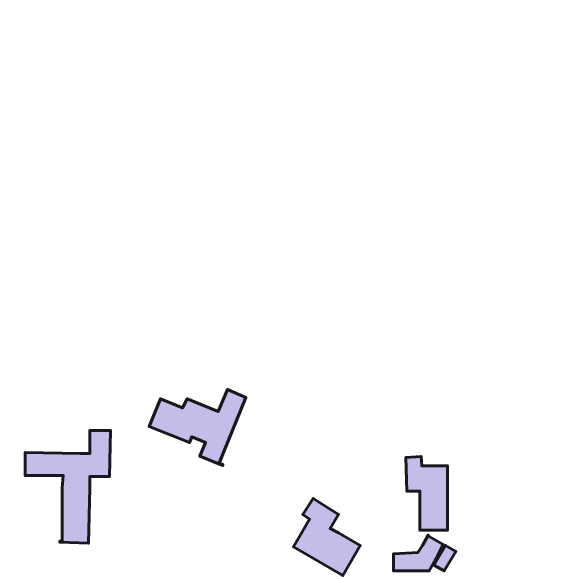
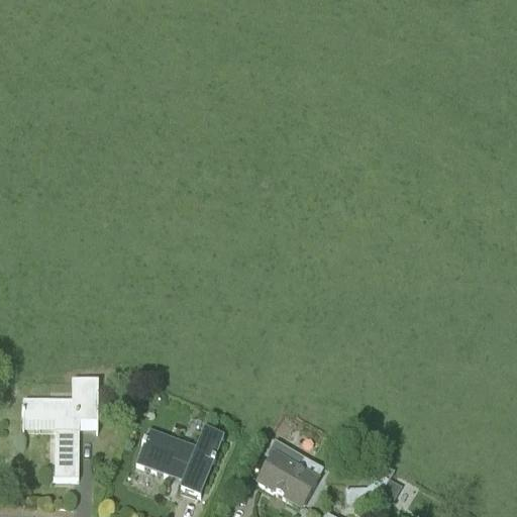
building: [149,390,246,466] -> [136,428,221,495]
building: [406,457,447,530] -> none

